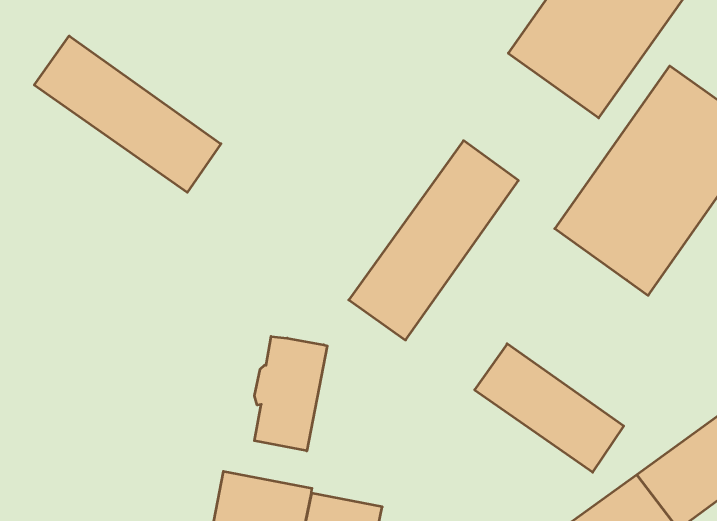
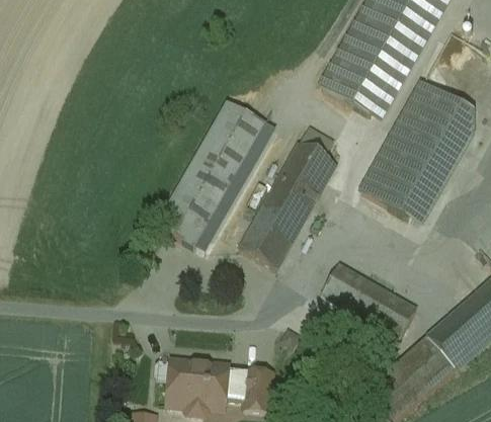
building: [34,36,221,192] -> none
building: none -> [157,99,268,243]
building: [254,336,327,451] -> none

